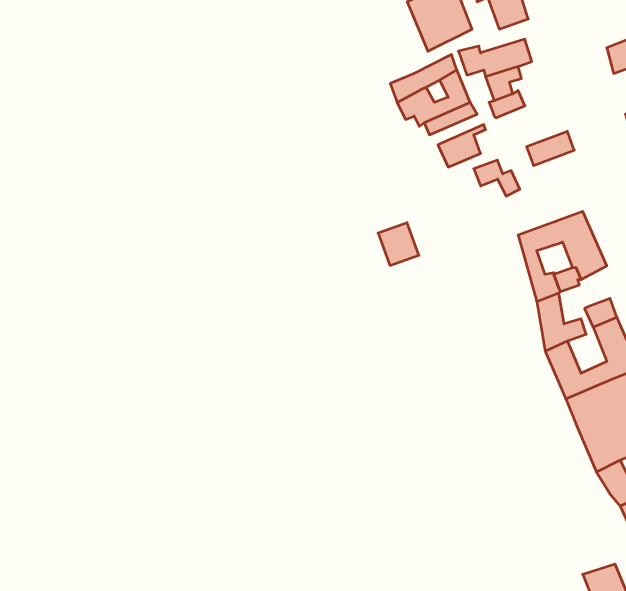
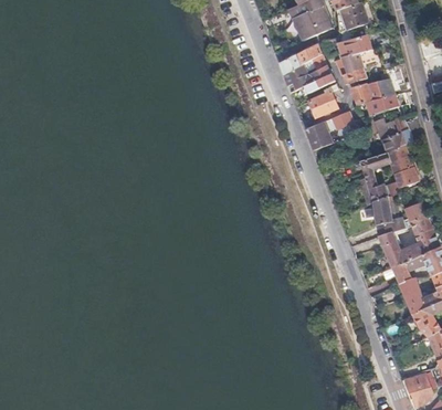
building: none -> [351,77,393,105]
building: none -> [381,116,413,151]
building: [378,223,419,265] -> [305,122,332,149]

